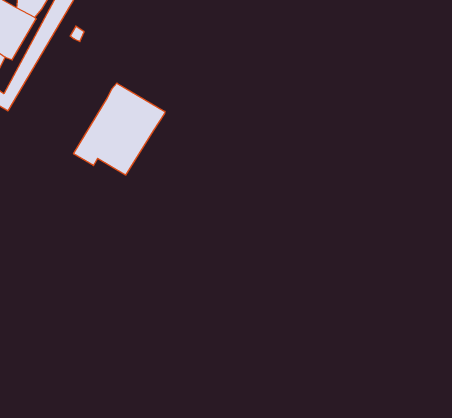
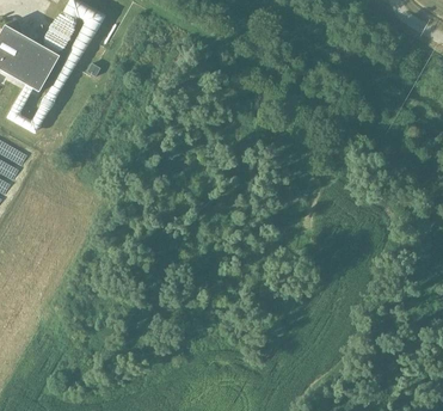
building: [74,83,165,175] -> none

